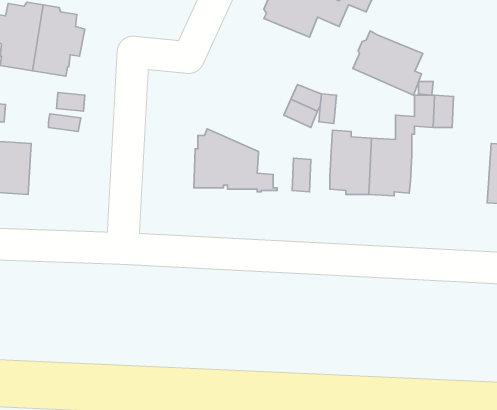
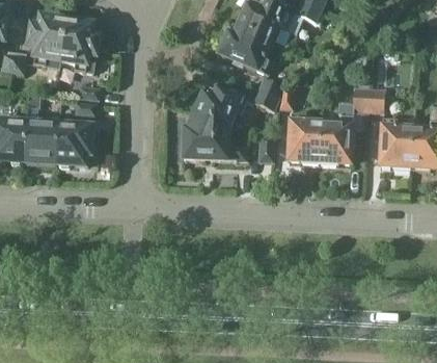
building: [353,31,423,95] -> [218,25,272,75]
building: none -> [193,85,246,131]
building: none -> [379,120,412,171]
building: none -> [55,125,91,168]

